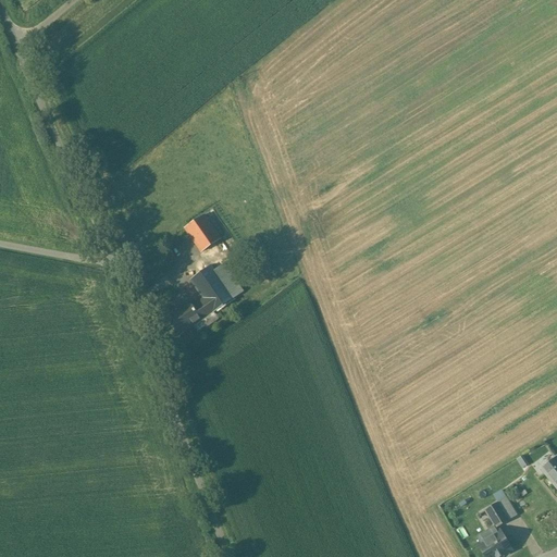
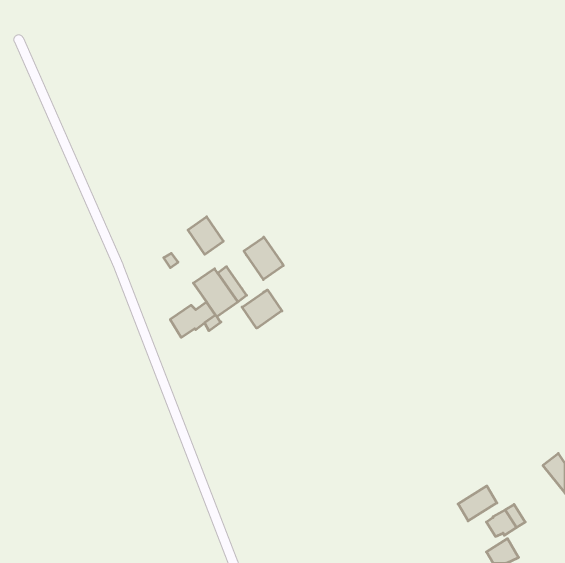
building: none -> [244,237,283,280]
building: none -> [242,290,282,328]
building: none -> [458,486,497,521]

